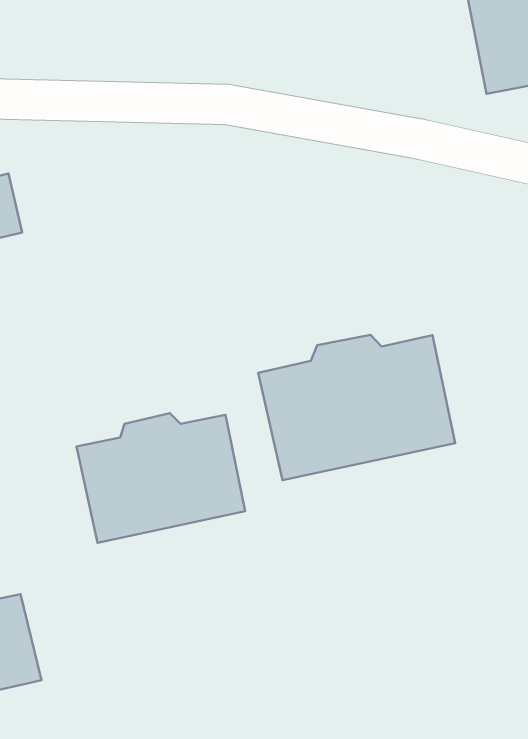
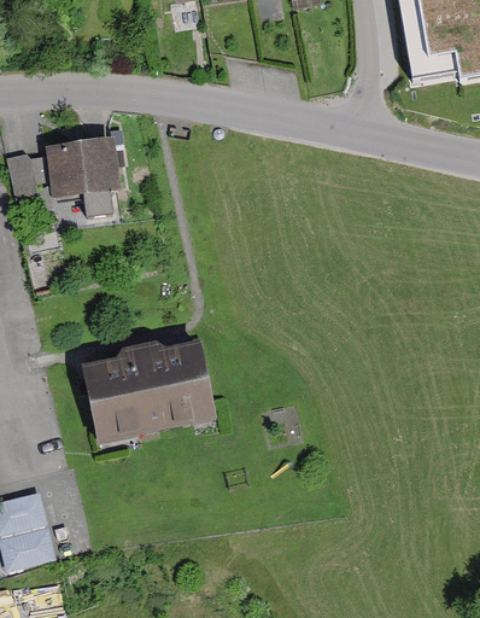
building: none -> [46,135,119,215]
building: [258,335,455,480] -> none

